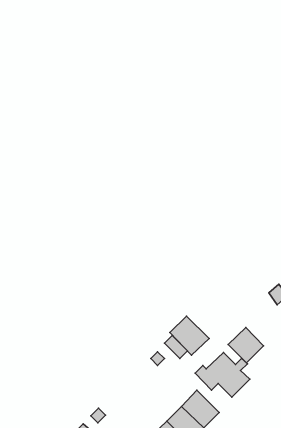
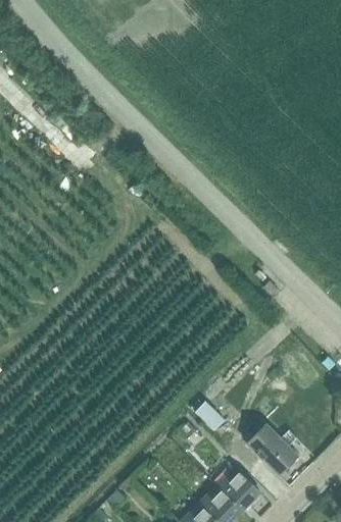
building: [170,316,209,355] -> none
building: [228,327,263,363] -> none

